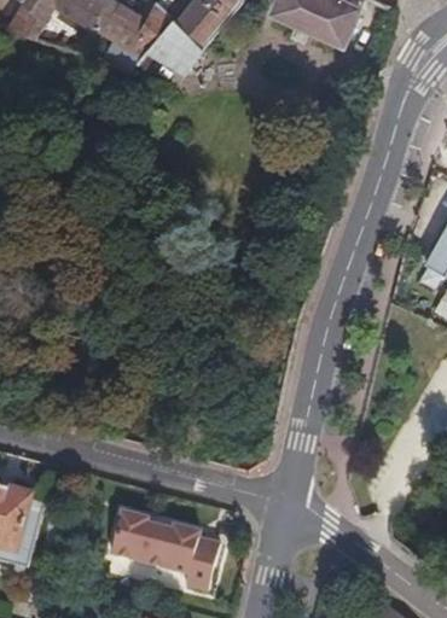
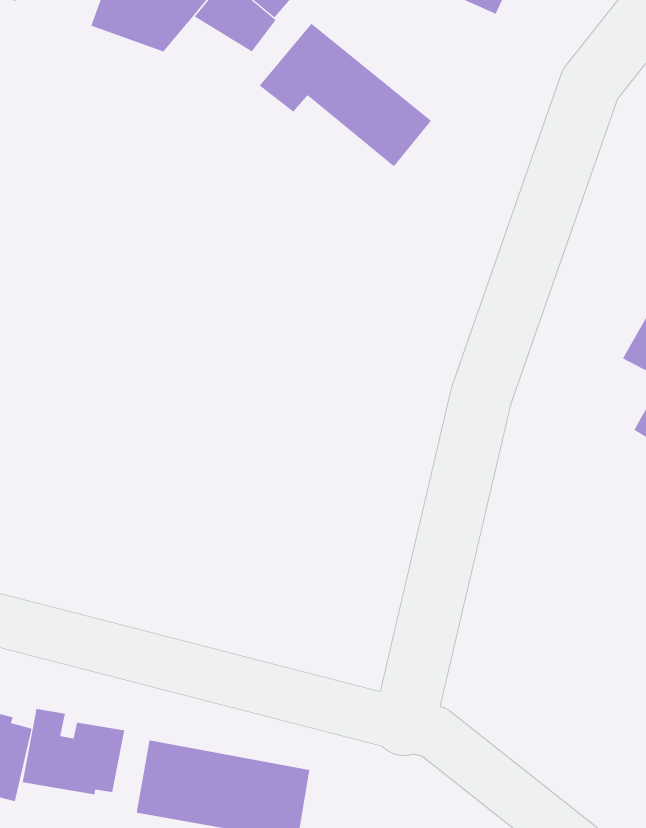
building: none -> [259,23,432,167]
building: none -> [22,708,125,795]

